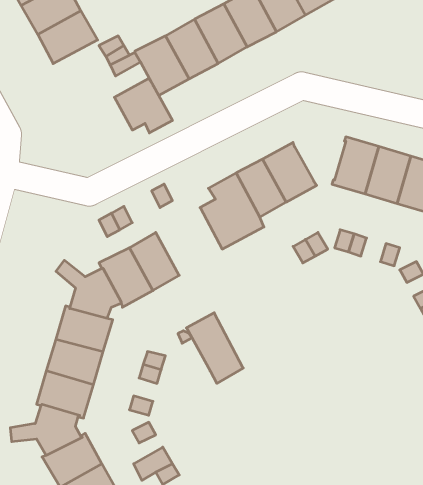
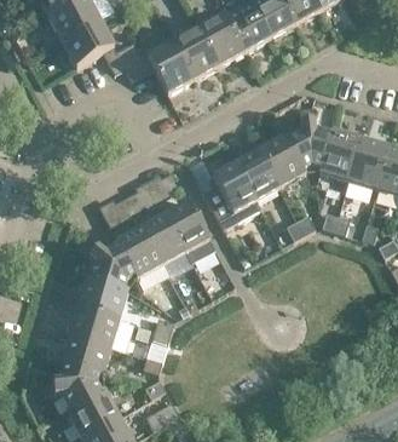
building: [114,79,172,133] -> none
building: none -> [285,105,330,168]
building: [186,313,243,383] -> [165,200,214,262]

